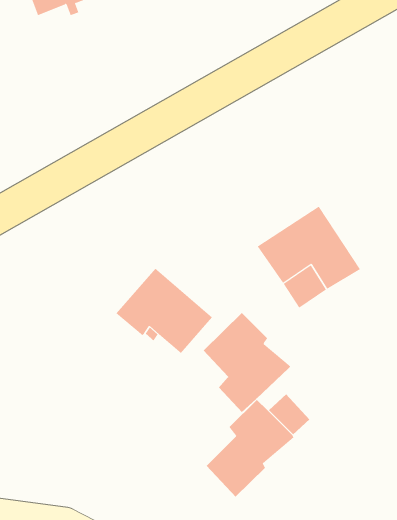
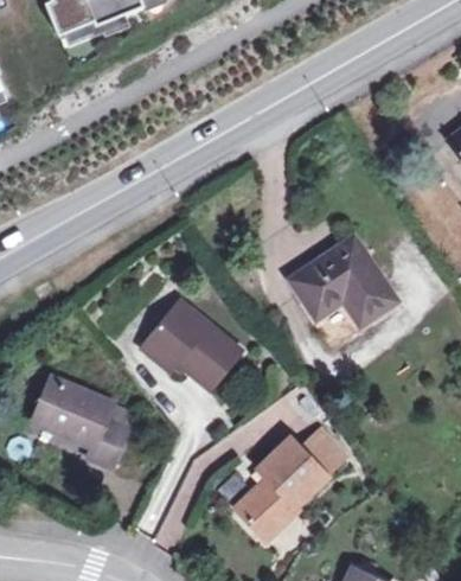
building: [203,312,291,413] -> none
building: none -> [34,378,128,465]

